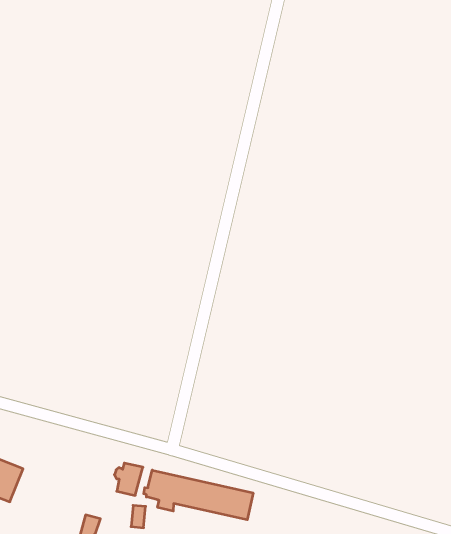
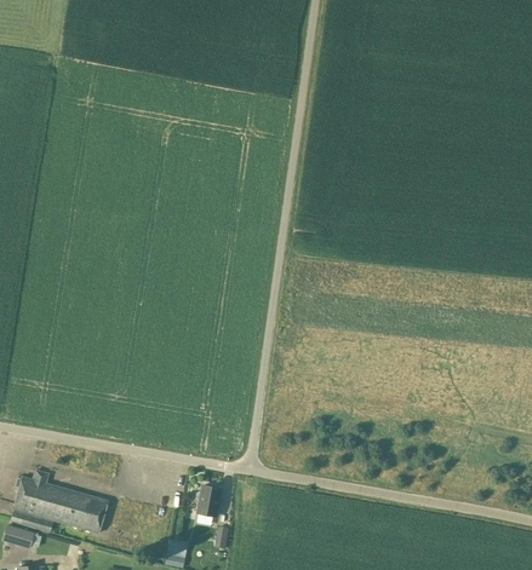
building: [144,470,253,520] -> none

